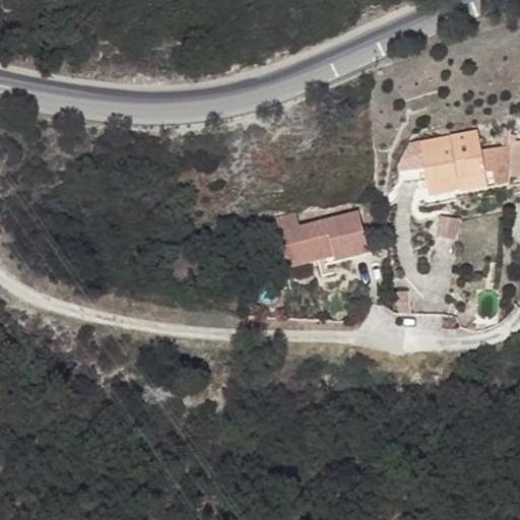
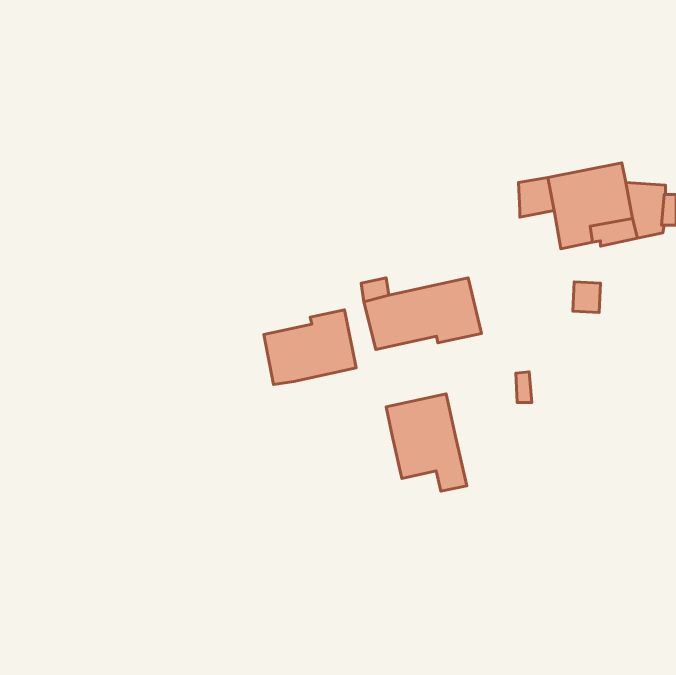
building: none -> [264,310,356,385]
building: none -> [386,394,467,491]

